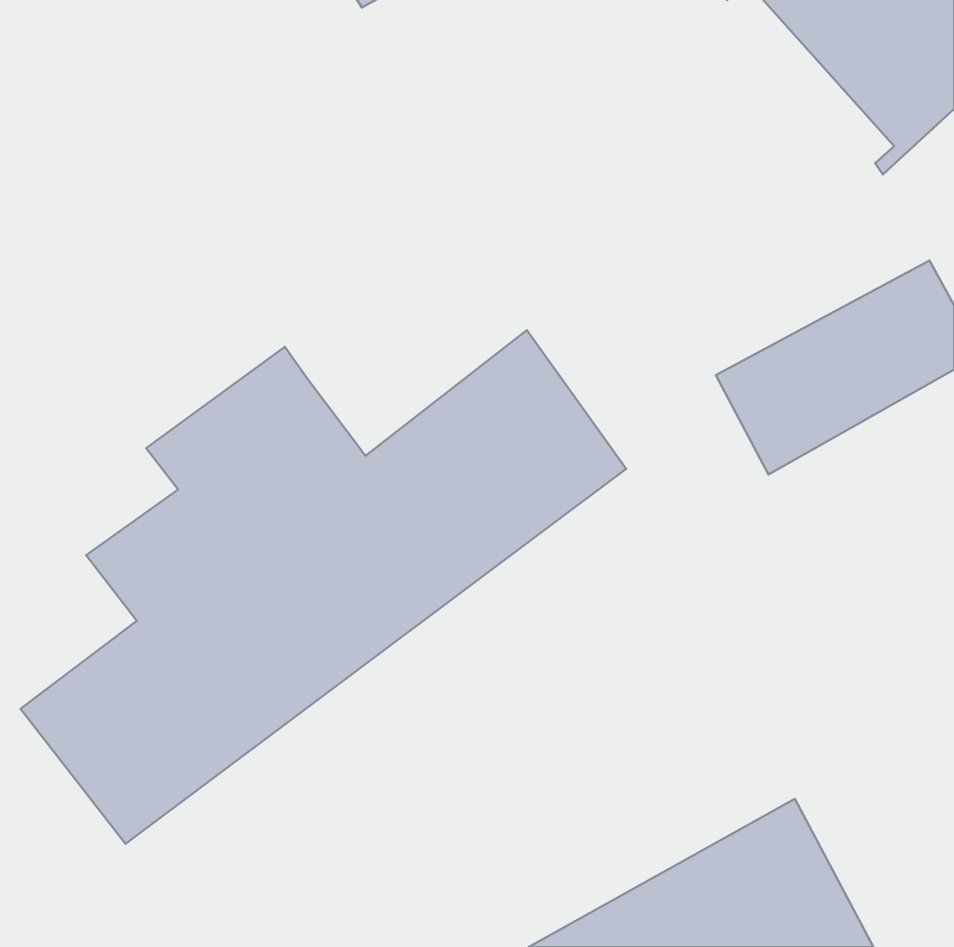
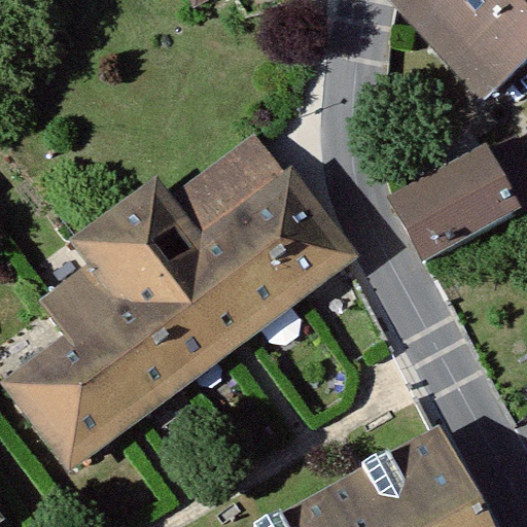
building: none -> [169,144,289,250]

